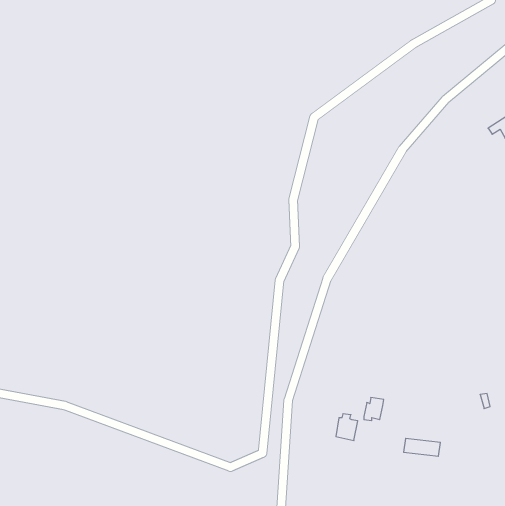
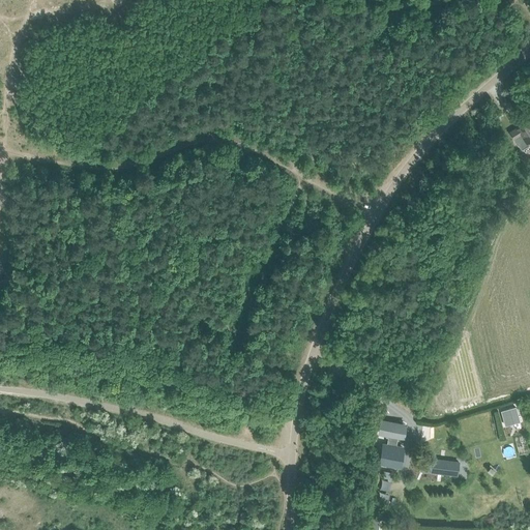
building: [336,414,358,441] -> [383,442,406,470]

